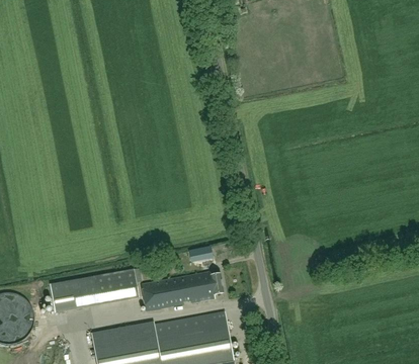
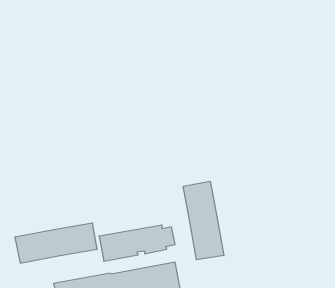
building: none -> [183,181,224,260]

